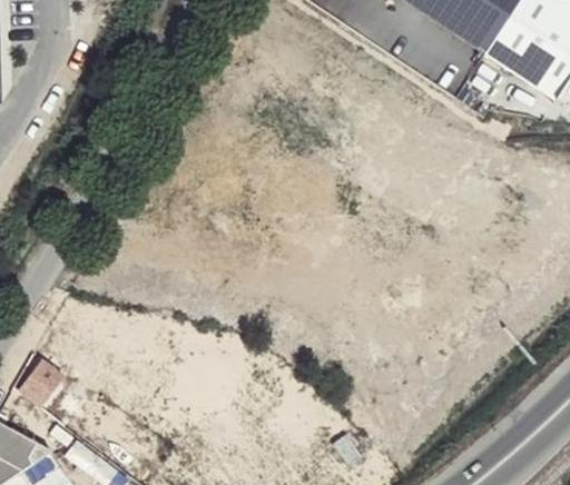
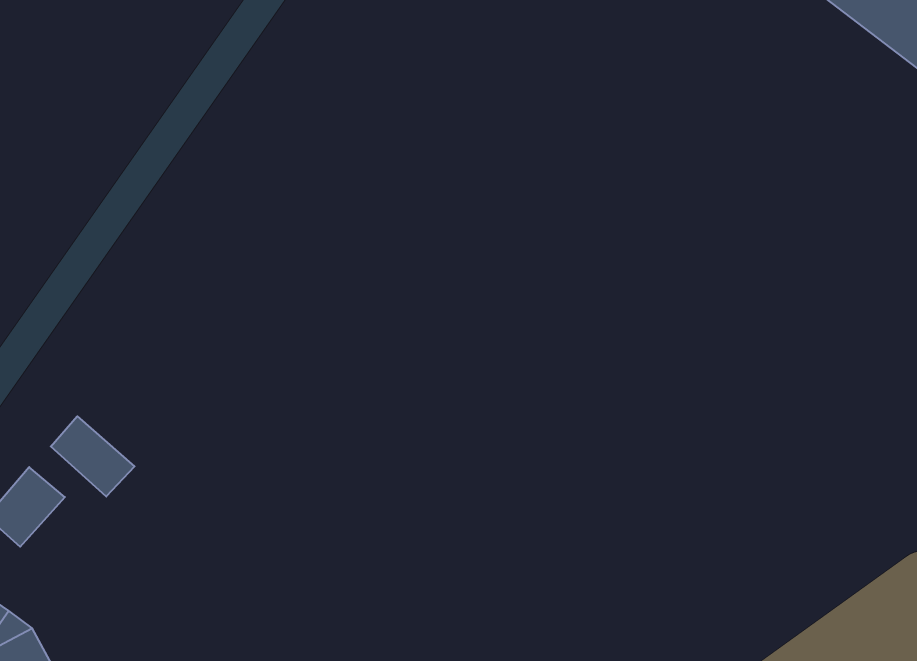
building: none -> [51,416,135,497]

